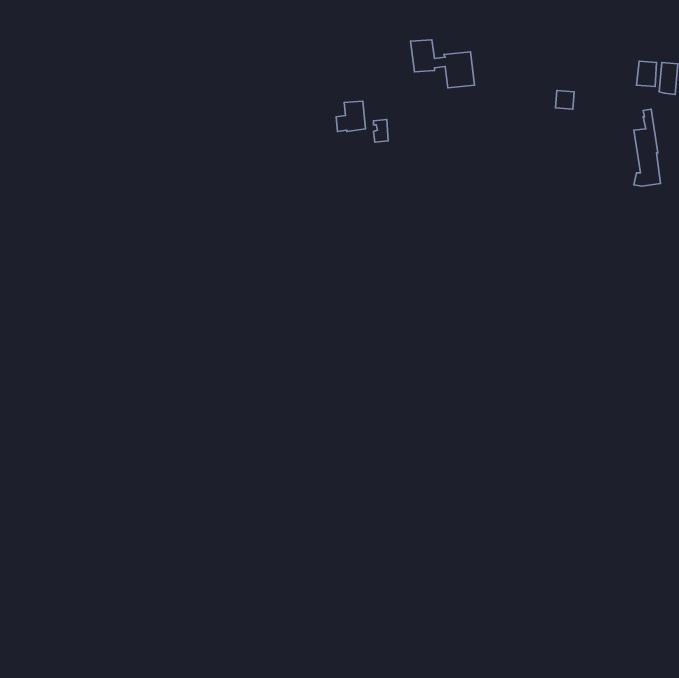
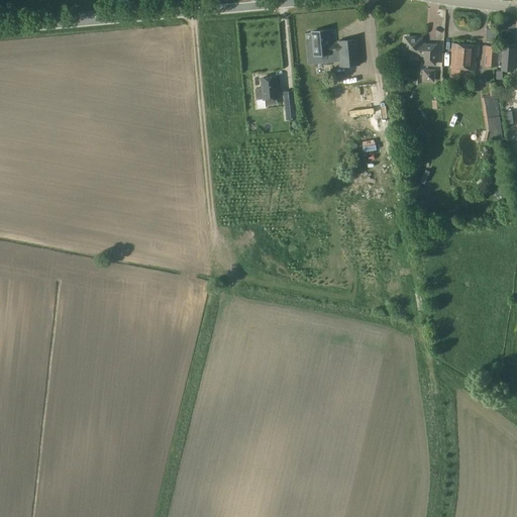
building: none -> [404,38,435,66]
building: none -> [451,45,479,70]

